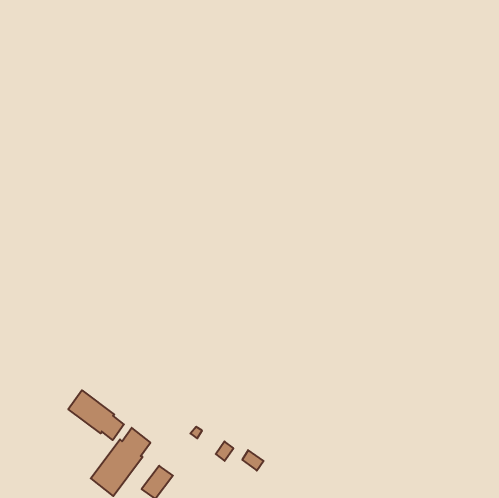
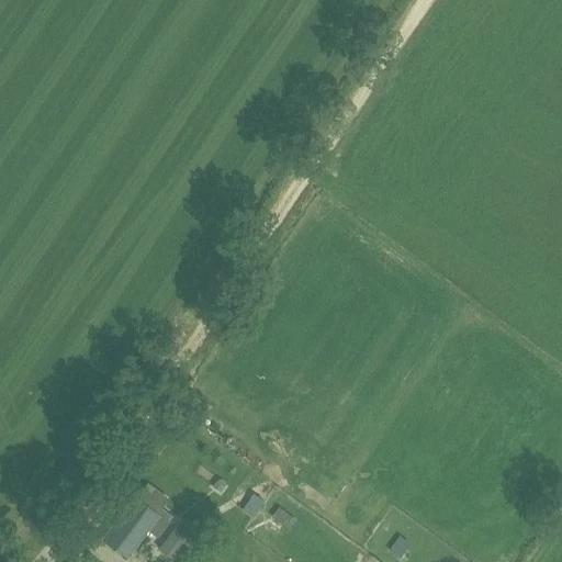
building: [68,390,124,440] -> none

